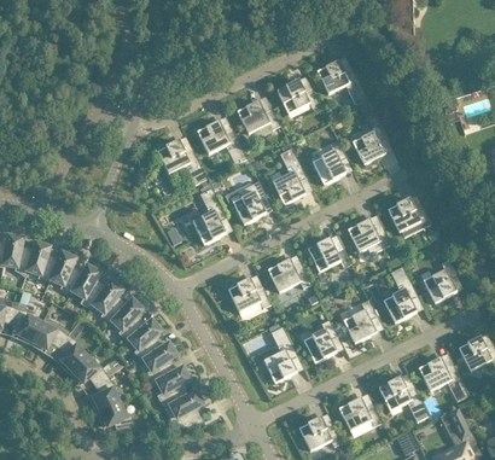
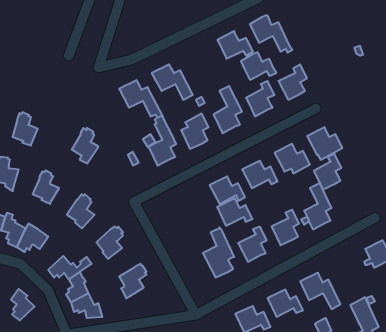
building: [237,100,280,134] -> [241,52,276,80]
building: [27,240,58,281] -> [12,112,38,146]
building: [423,260,456,303] -> [314,154,341,189]
building: [71,264,104,308] -> [72,128,98,163]
building: [227,279,270,313] -> [217,198,253,226]
building: [111,298,144,340] -> none
building: [58,334,87,373] -> [11,289,35,320]
building: [142,342,176,383] -> none
building: [418,357,470,403] -> none
building: [169,390,203,426] -> none

